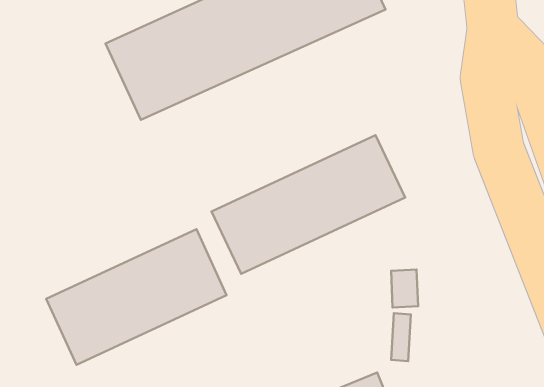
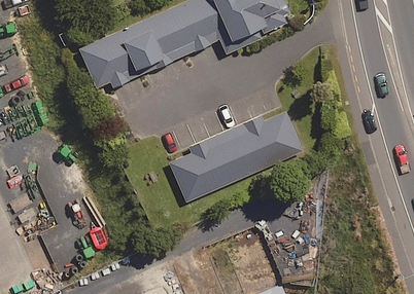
building: [46,229,226,365] -> none

